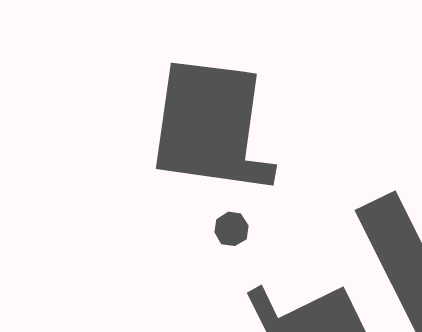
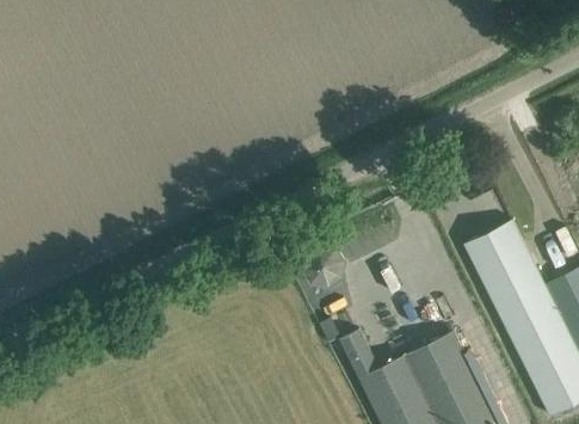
building: [155,62,278,186] -> none

